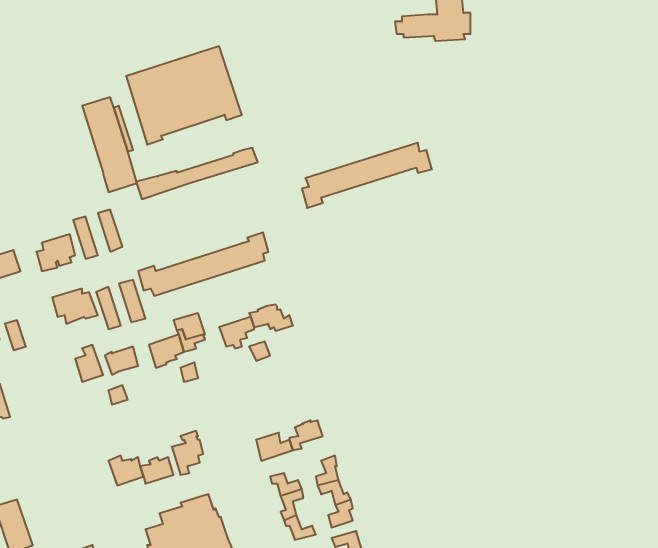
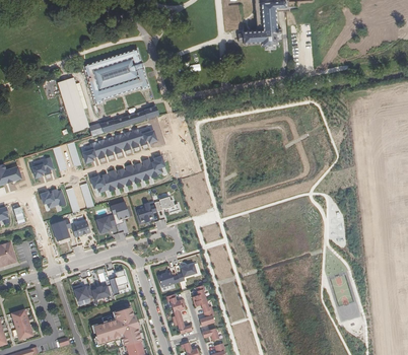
building: [302,143,432,208] -> [82,126,157,163]

